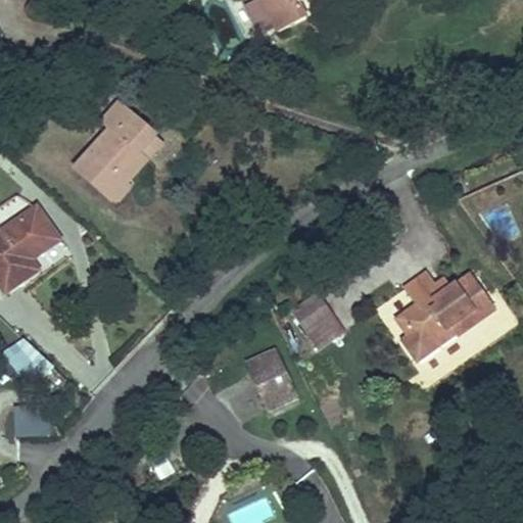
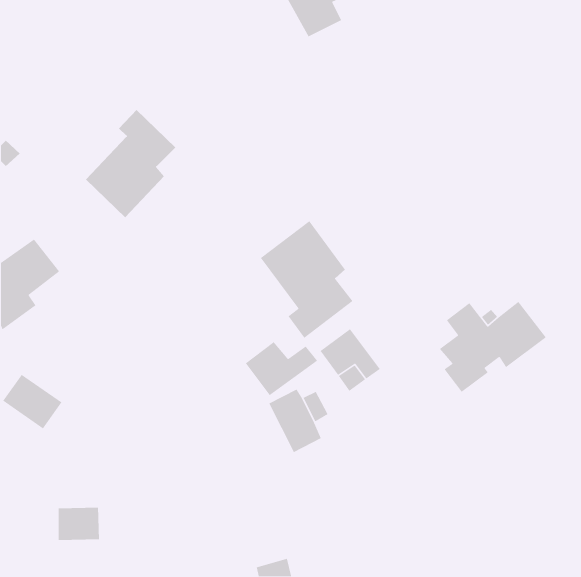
building: none -> [260,220,354,339]
building: none -> [245,341,318,396]
building: [14,408,52,438] -> [58,507,100,541]

